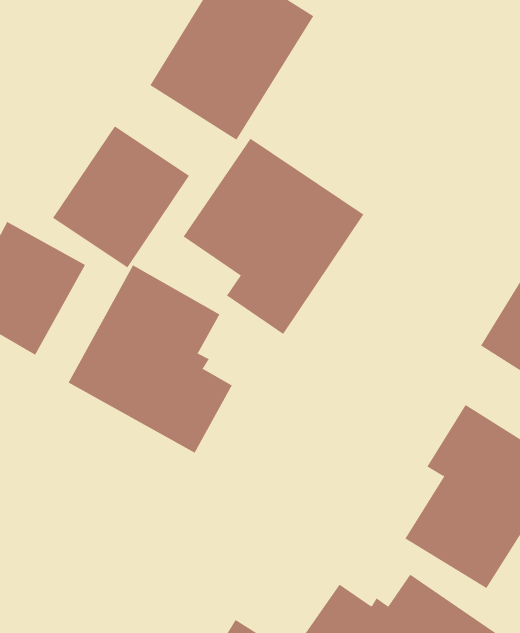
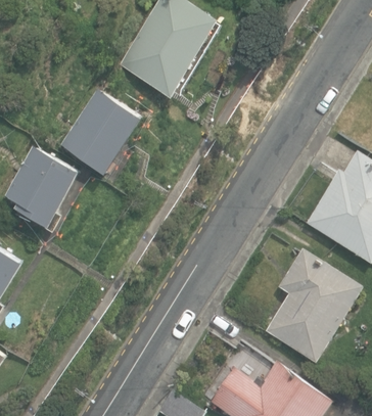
building: [183,138,364,335] -> none
building: [68,264,233,453] -> none

